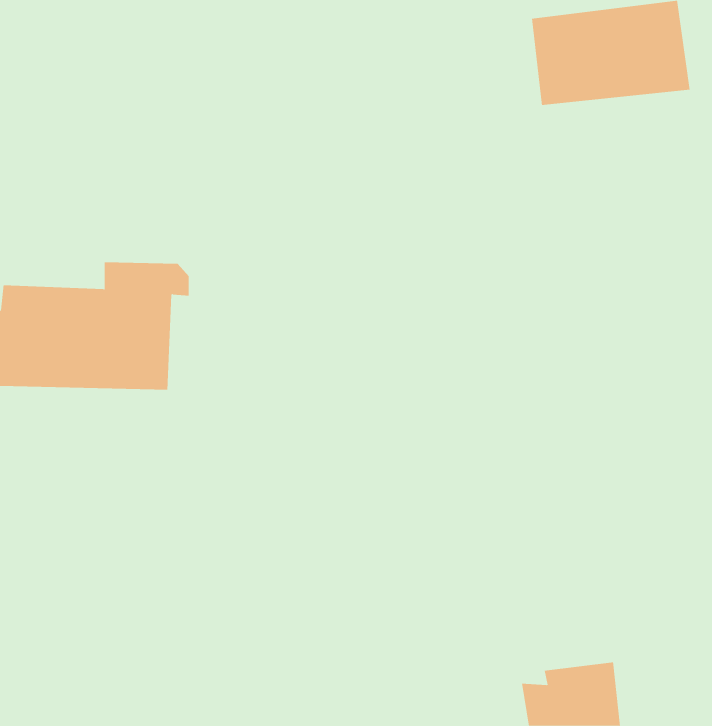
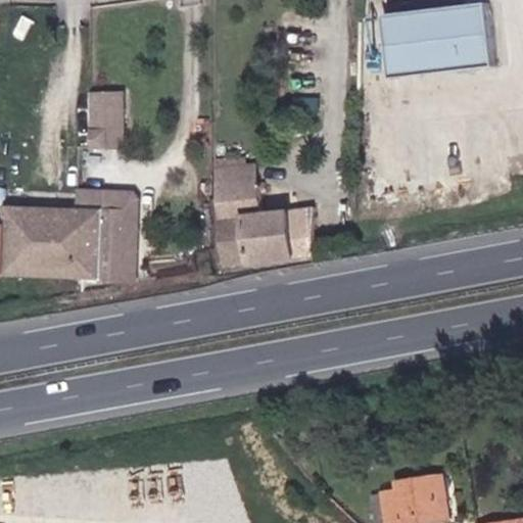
building: none -> [85,92,124,149]
building: none -> [215,162,313,262]

